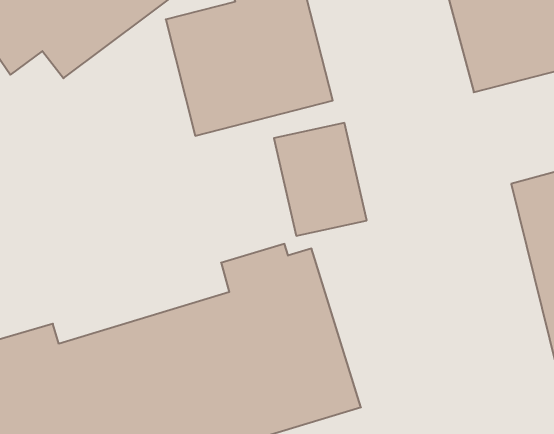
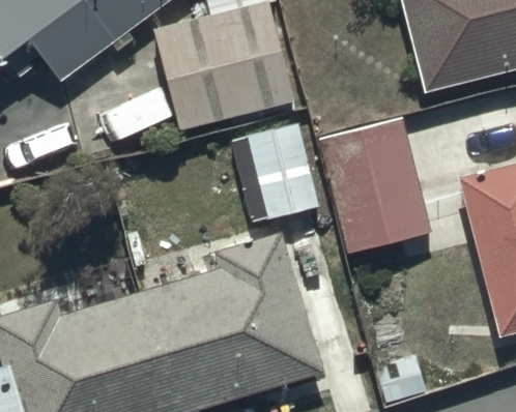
building: none -> [321,117,436,252]

